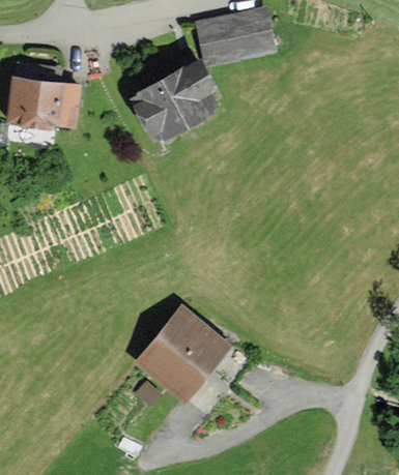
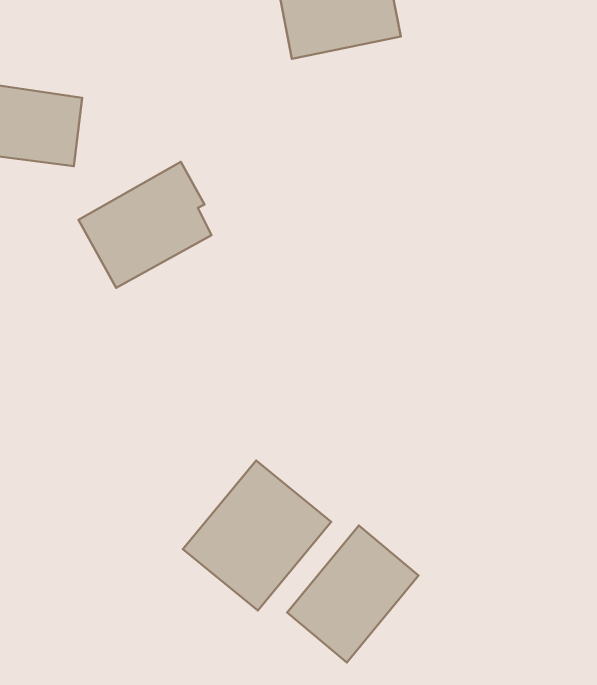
building: [135,63,216,140] -> [79,162,211,288]
building: none -> [287,526,419,663]

